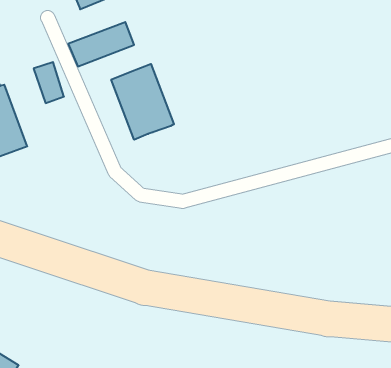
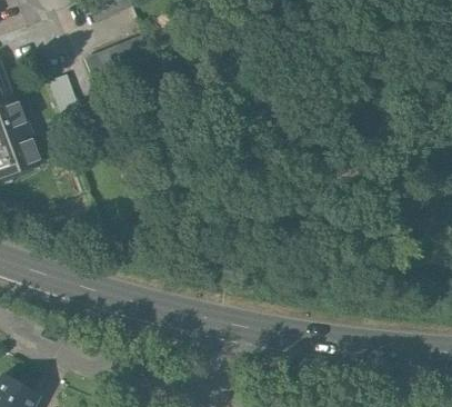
building: [111,64,174,140] -> none

